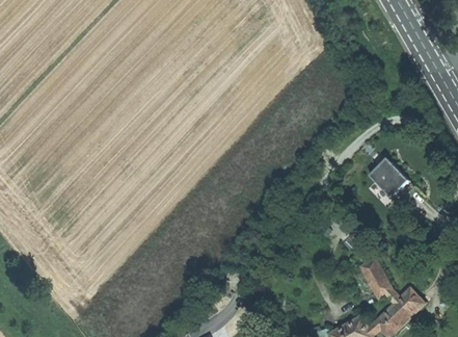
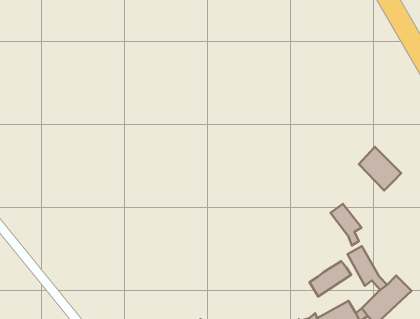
building: none -> [330,204,362,246]
building: none -> [309,261,351,296]

